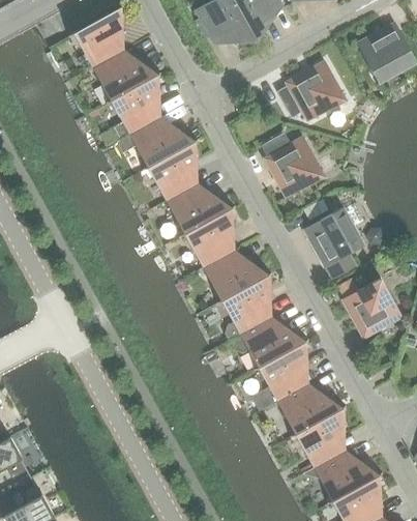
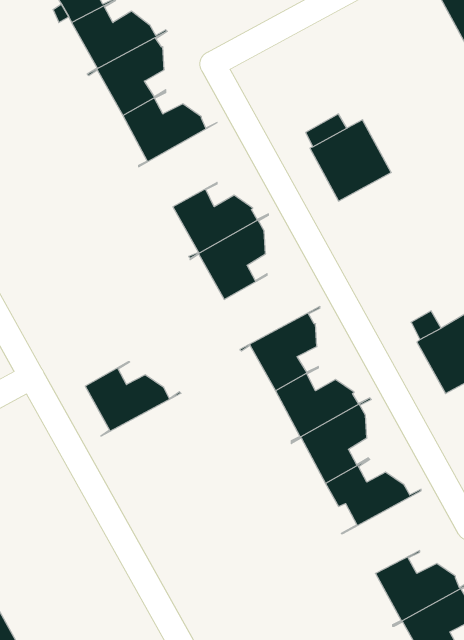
building: [277,62,347,121] -> none
building: [142,140,200,201] -> none
building: [304,208,363,280] -> none
building: [204,251,273,305] -> [85,362,181,436]
building: [290,407,347,467] -> none

